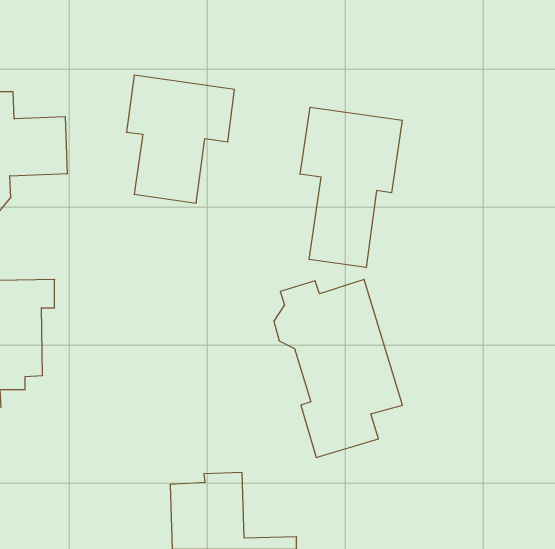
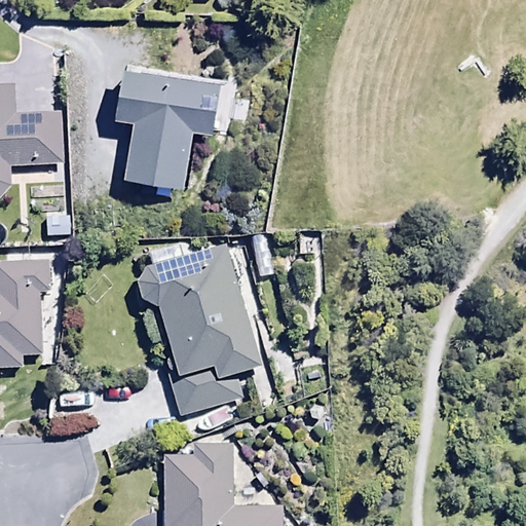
building: [300,107,402,268] -> none
building: [274,280,402,458] -> [140,245,261,412]

